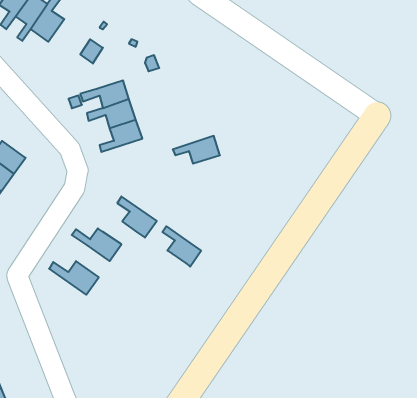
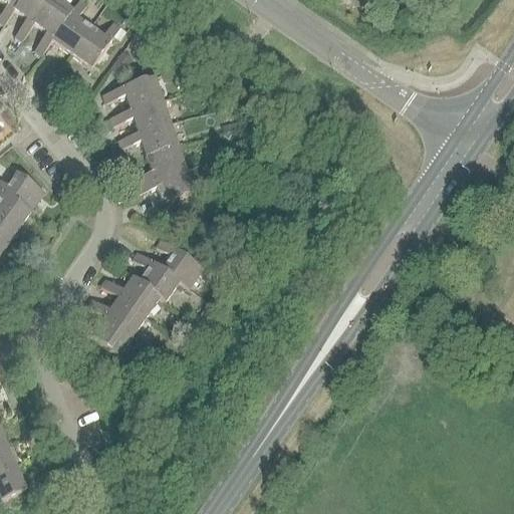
building: none -> [72,18,120,66]
building: none -> [102,75,162,108]
building: [173,136,220,164] -> [136,168,192,201]
building: [162,226,201,267] -> [132,250,178,298]
building: none -> [87,295,146,333]

